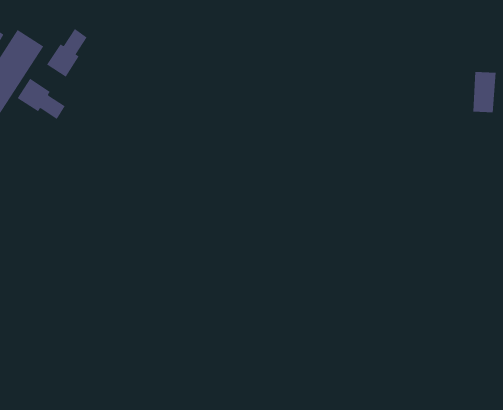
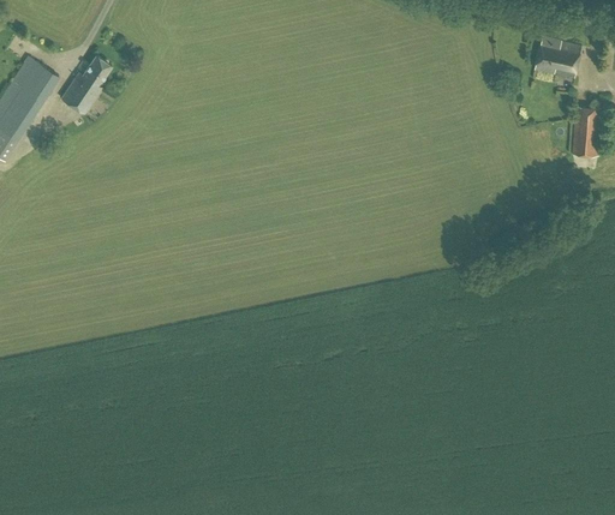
building: none -> [533,36,580,79]
building: [17,78,66,120] -> none

